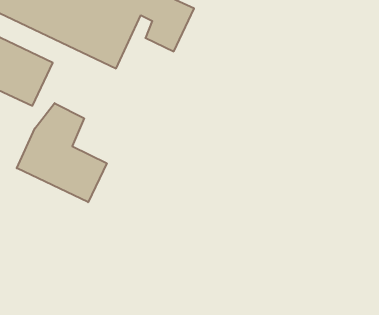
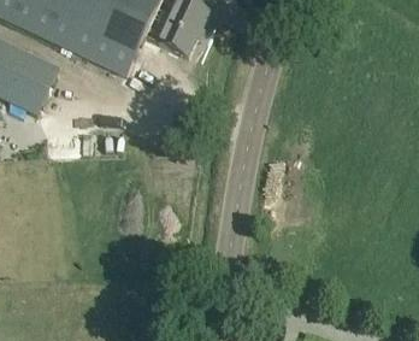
building: [17,103,107,202] -> none

